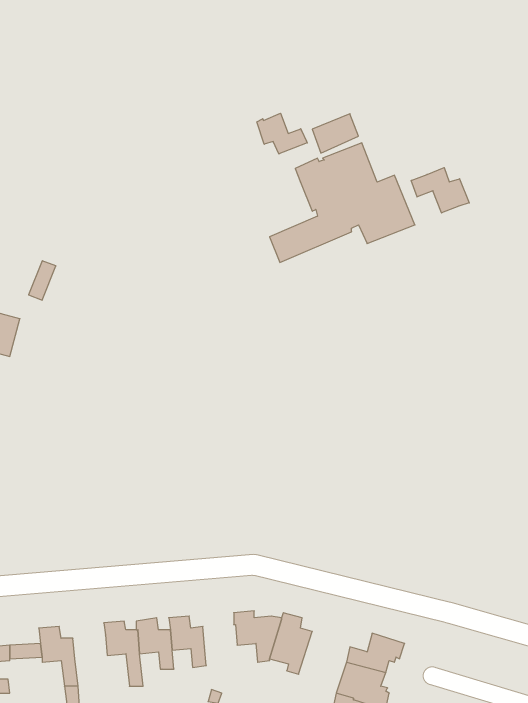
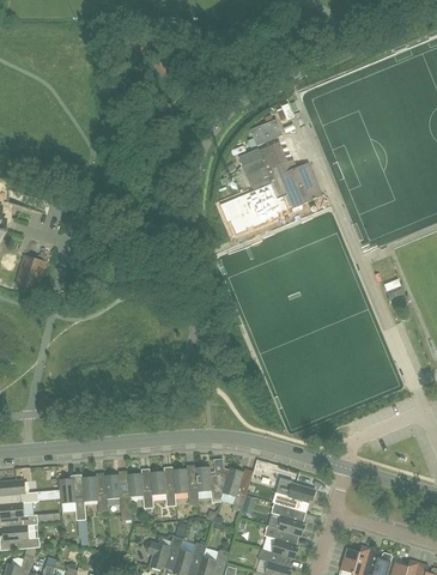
building: [257,113,307,154] -> none
building: [411,168,469,213] -> none
building: none -> [171,468,198,504]
building: none -> [80,477,107,513]

